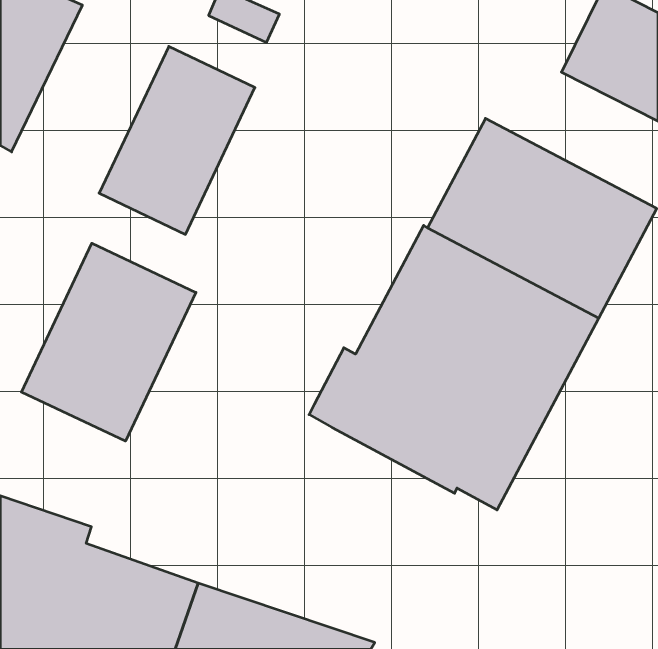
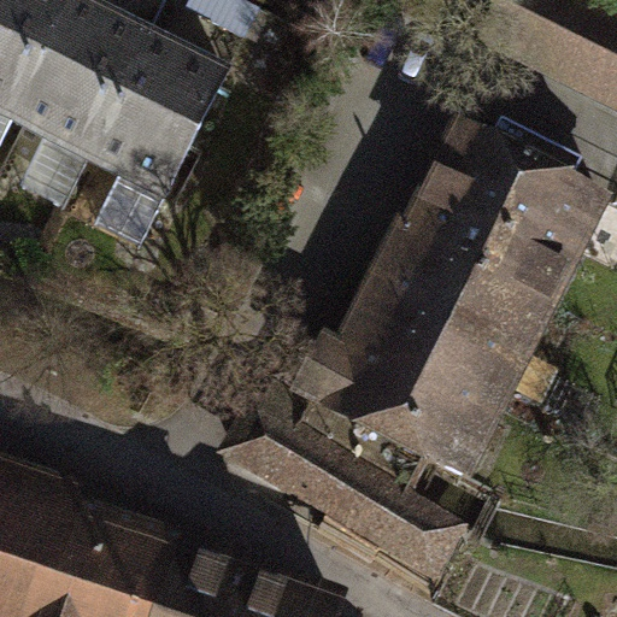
building: none -> [11,5,158,181]
building: [21,243,196,441] -> none
building: none -> [215,393,470,577]

